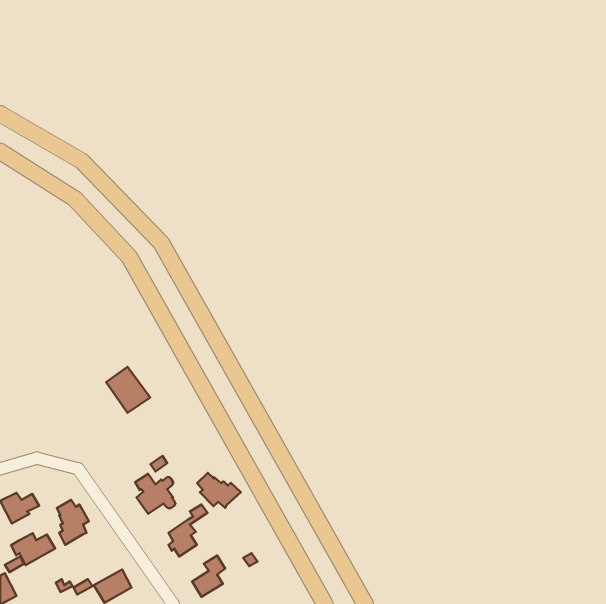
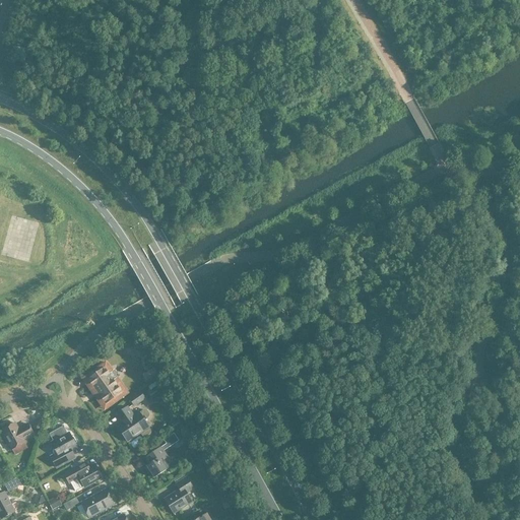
building: [106,367,150,413] -> [86,362,124,401]
building: [197,473,241,508] -> none
building: [11,533,55,565] -> [64,463,102,491]

